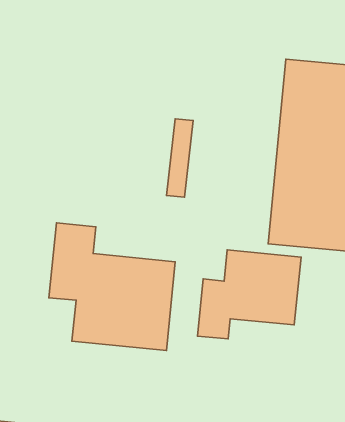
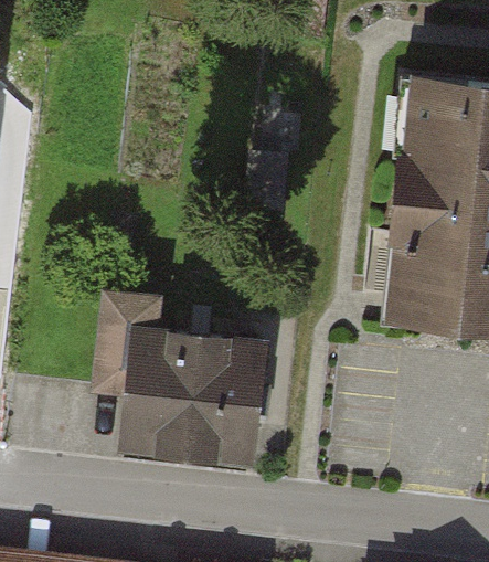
building: [198,250,301,339] -> none

